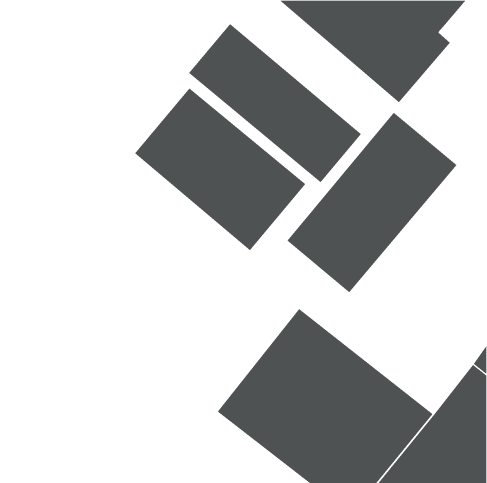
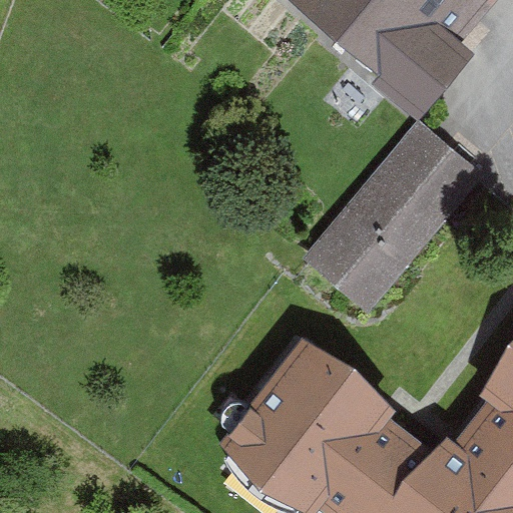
building: [188,23,362,183] -> none
building: [134,87,306,251] -> none

